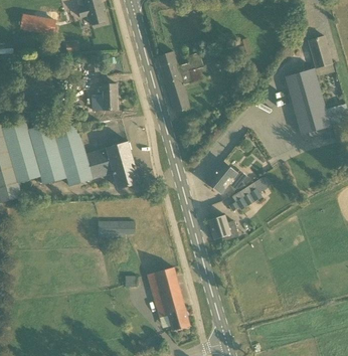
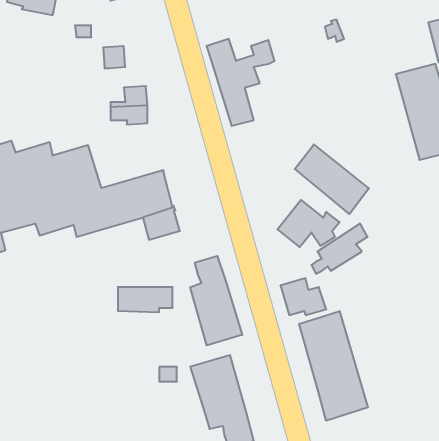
building: none -> [295,144,369,214]
building: none -> [190,256,242,345]
building: none -> [299,311,368,421]

